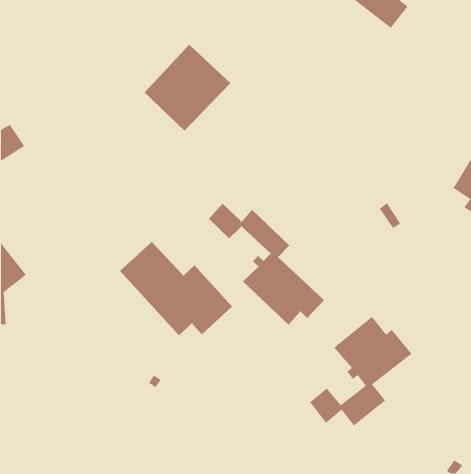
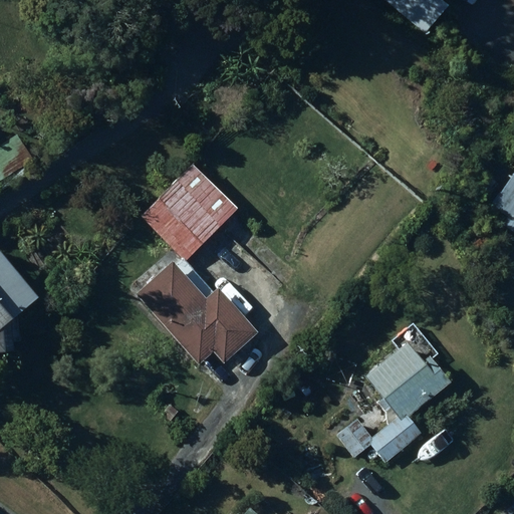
building: [144,44,231,132] -> [143,164,237,258]
building: [208,203,325,325] -> none

